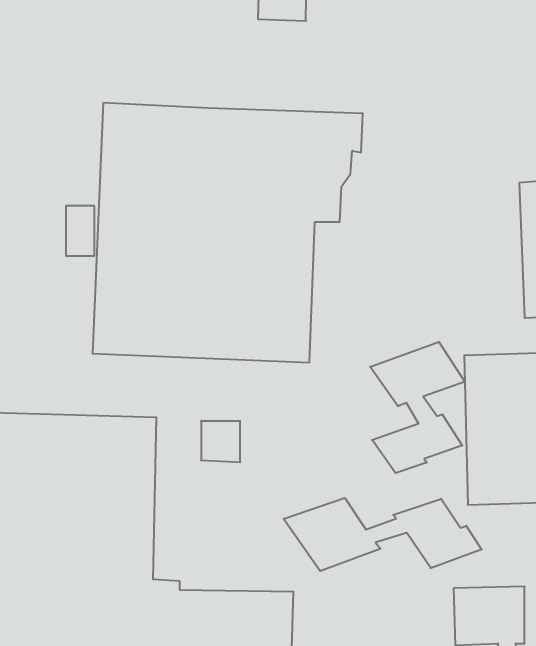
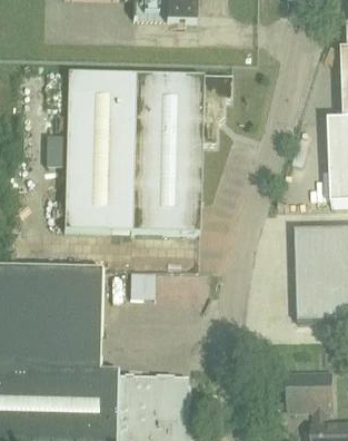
building: [370,342,465,473] -> none
building: [284,498,482,571] -> none

